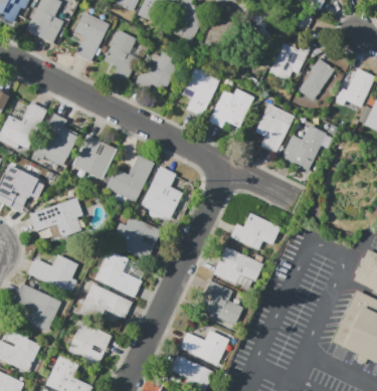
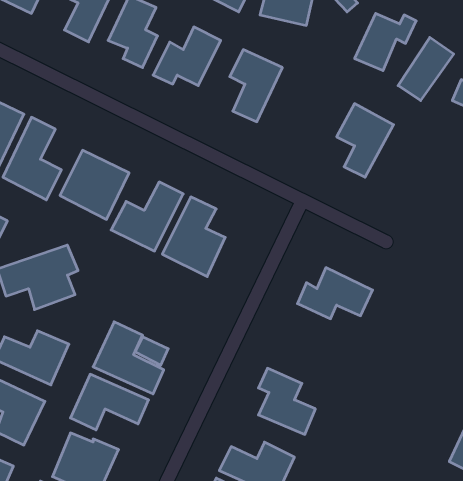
building: [209,88,253,127] -> none
building: [281,126,326,171] -> none
building: [111,216,160,260] -> none
building: [212,246,263,284] -> none

